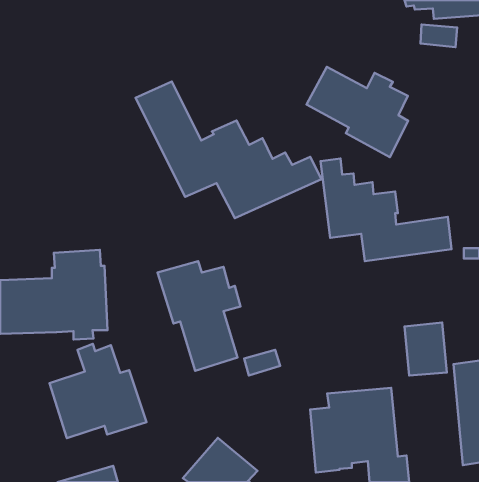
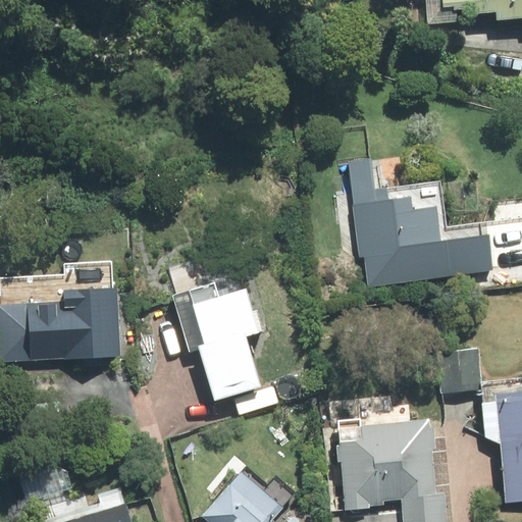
building: [306,67,408,157] -> none
building: [136,81,322,218] -> none
building: [49,344,147,438] -> none

